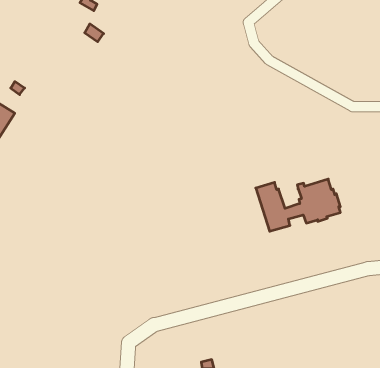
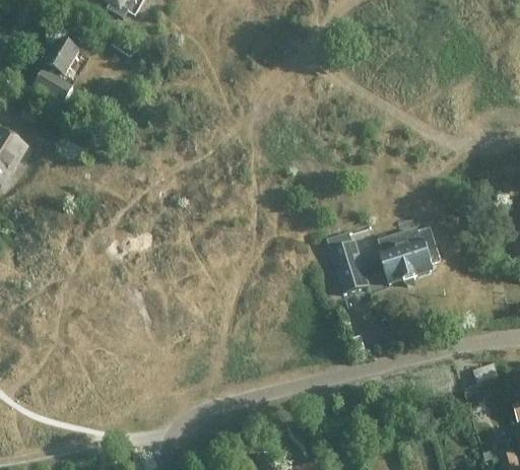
building: none -> [38,36,81,96]

